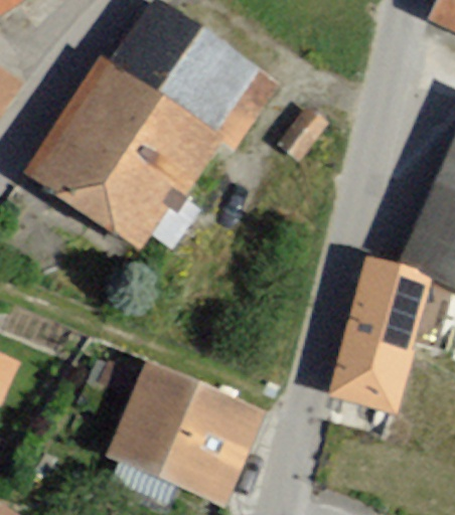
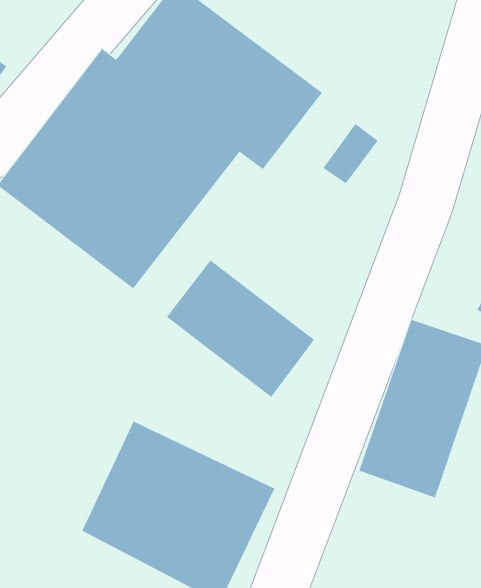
building: none -> [166,260,315,398]

